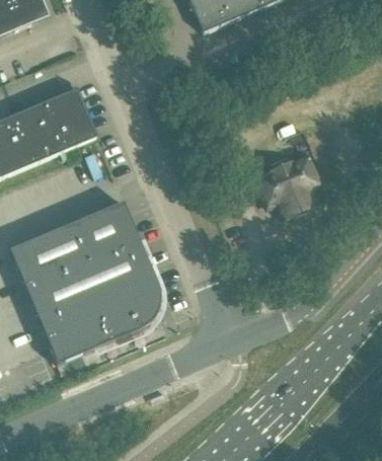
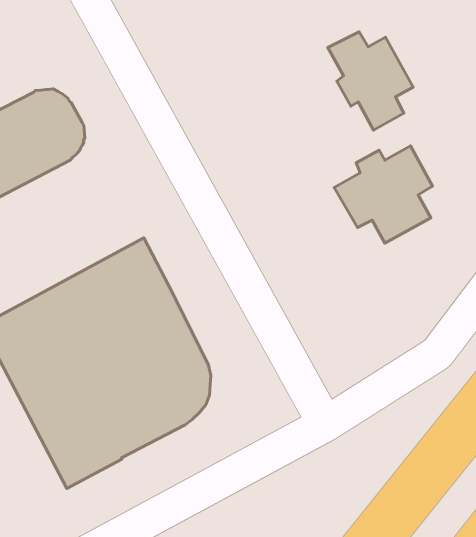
building: none -> [328,32,413,130]

